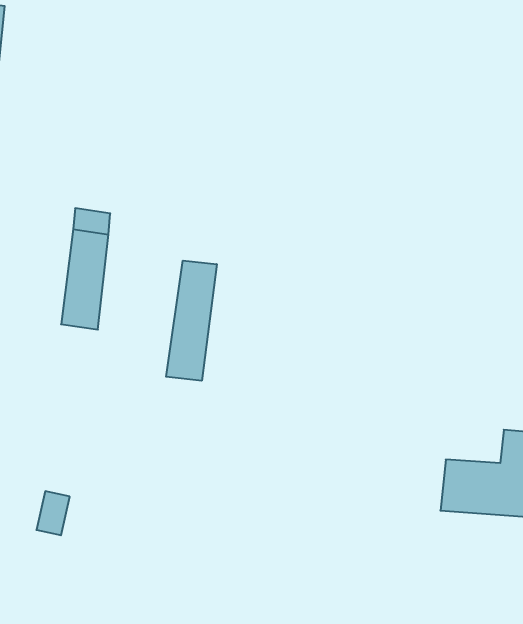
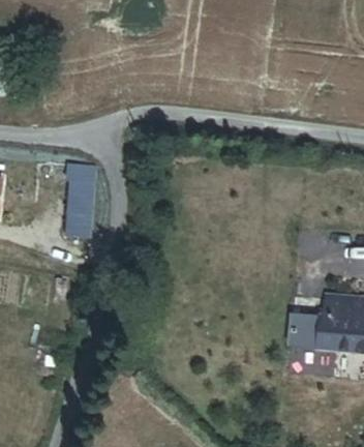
building: [166,261,217,381] -> none

